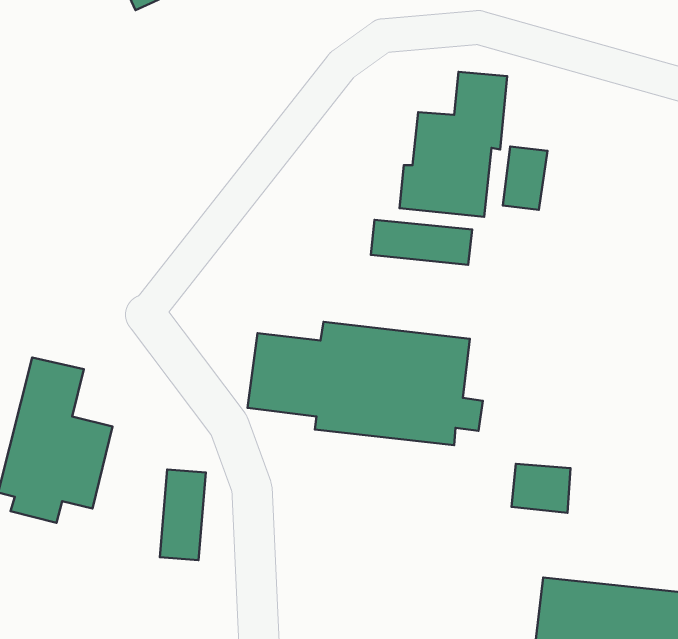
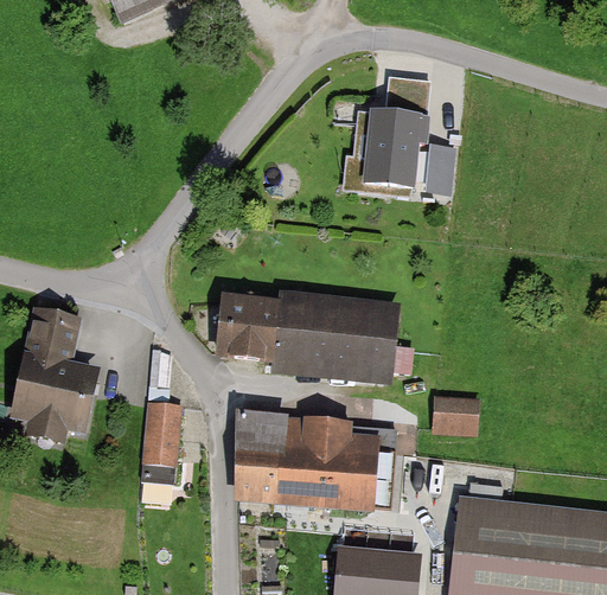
building: [371,220,472,265] -> none
building: none -> [239,411,385,511]

